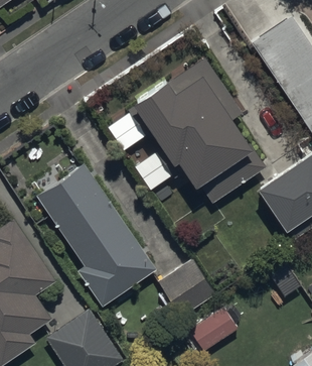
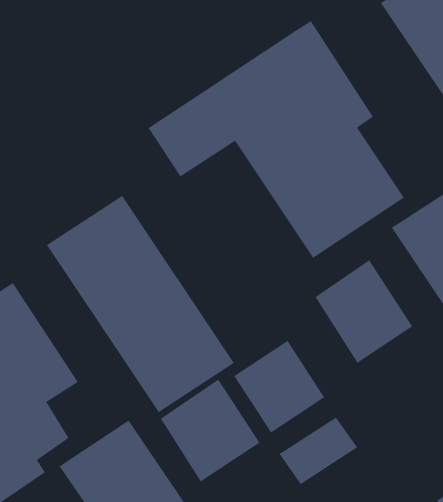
building: none -> [315,259,413,364]
building: none -> [160,379,260,482]

